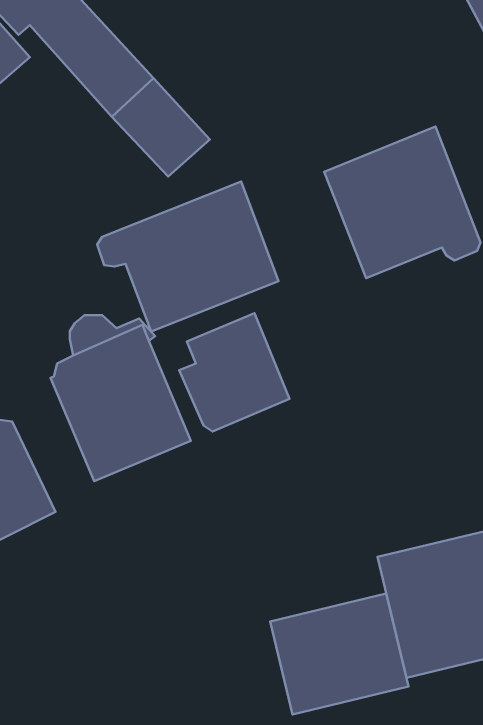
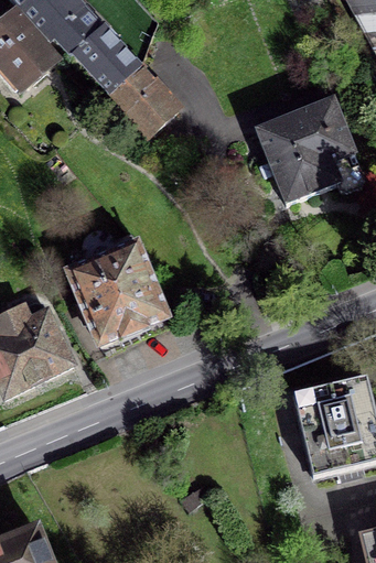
building: [97,182,279,331] -> none
building: [179,313,289,431] -> none
building: [270,594,408,714] -> none

